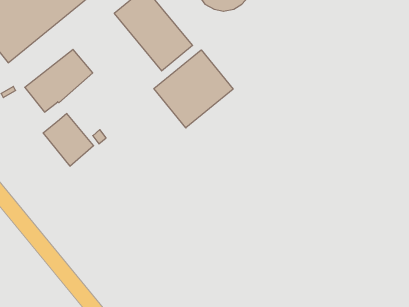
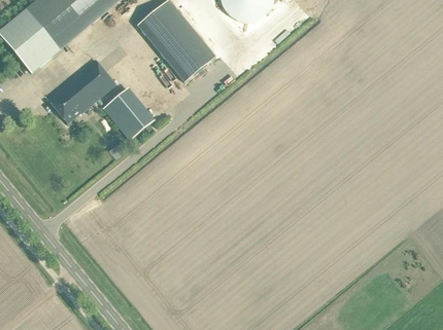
building: [154,50,233,128] -> none
building: [43,114,94,166] -> [103,88,154,141]

